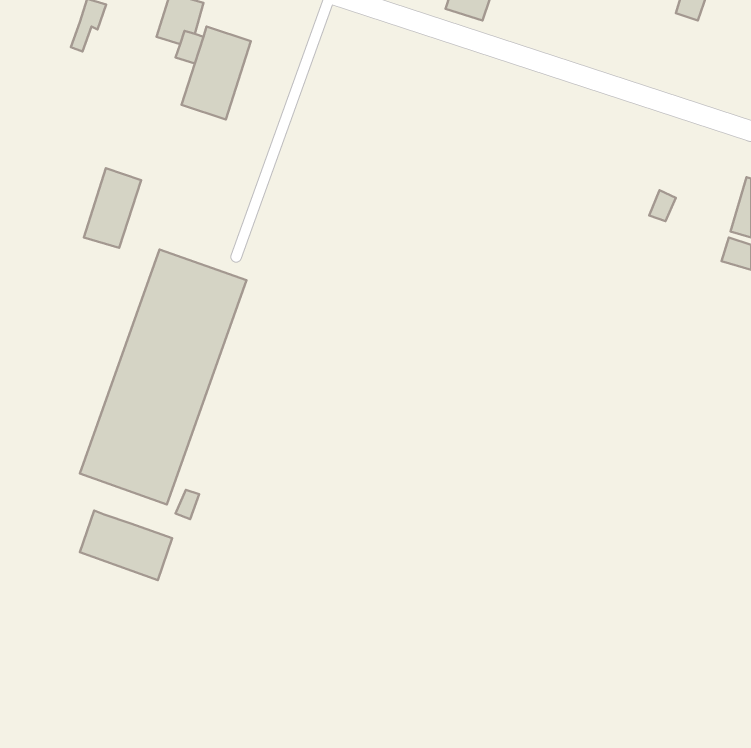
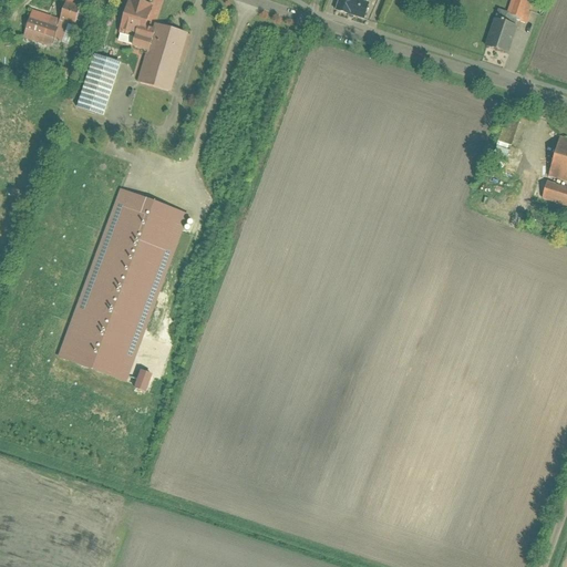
building: none -> [23,7,60,44]
building: none -> [483,14,515,51]
building: [84,168,141,248] -> [78,52,121,112]
building: [80,511,172,580] -> none

